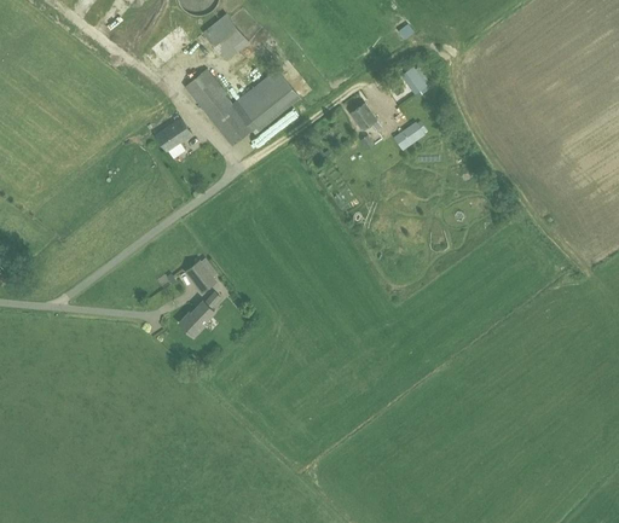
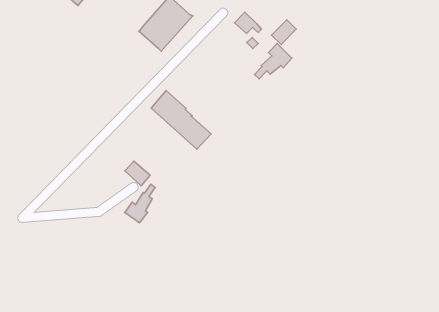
building: [185,68,253,145] -> [151,91,211,149]
building: [156,117,192,150] -> none
building: none -> [255,44,292,79]

